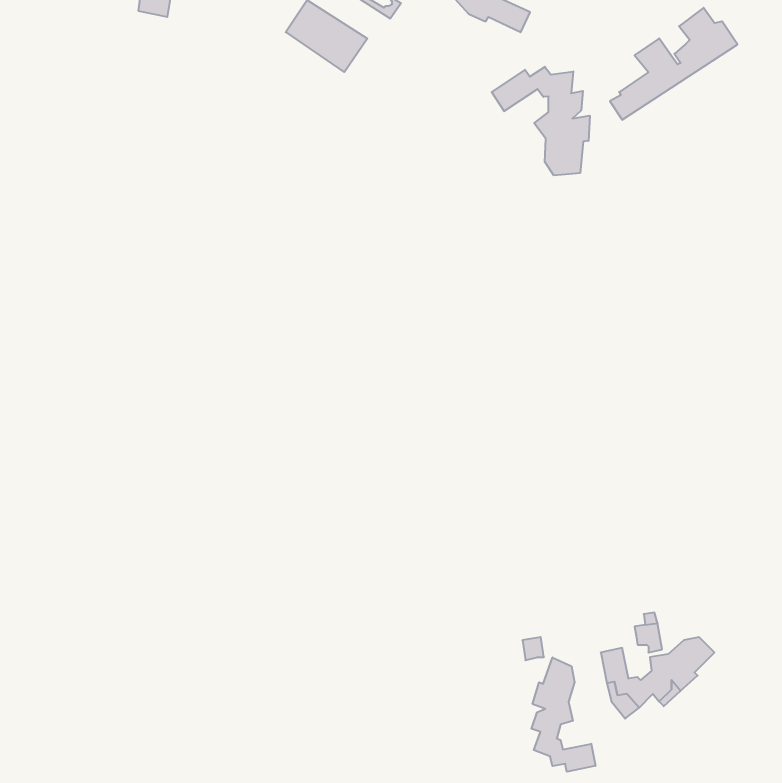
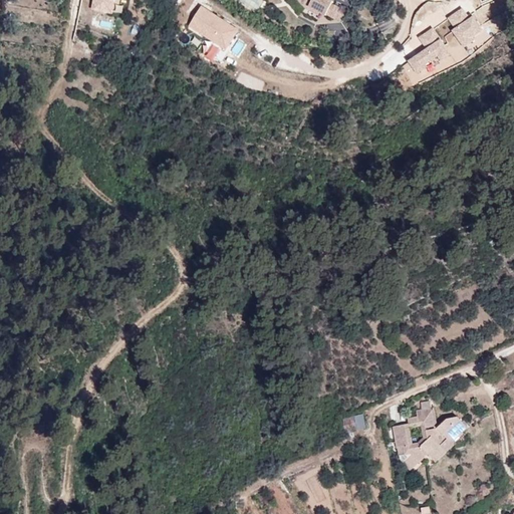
building: [492,67,590,175] -> none
building: [531,657,595,772] -> none

